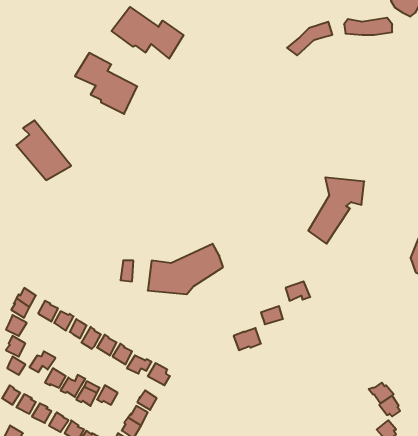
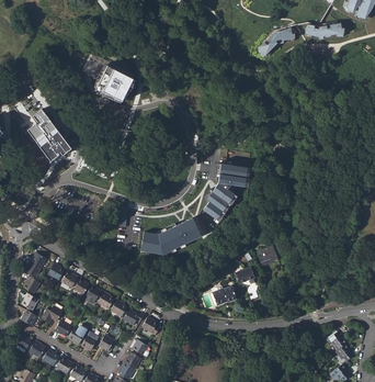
building: [112,7,184,59] -> none
building: [308,177,364,244] -> [204,164,251,220]

